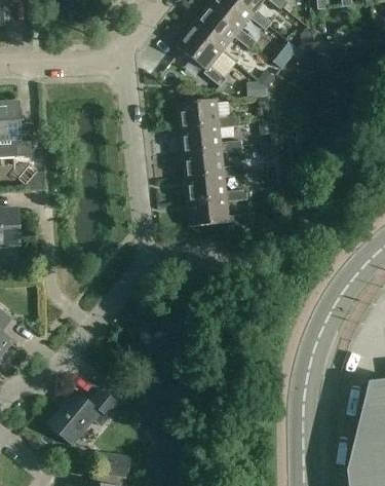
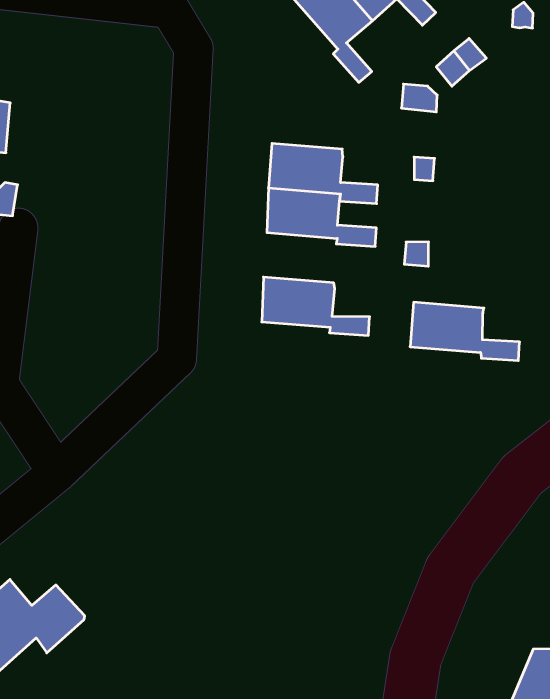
building: [178,99,240,127] -> none
building: [185,173,247,200] -> [410,302,520,361]

